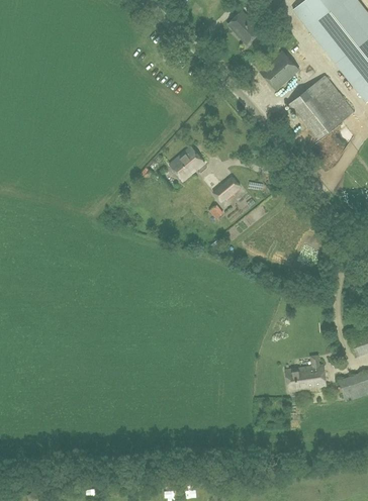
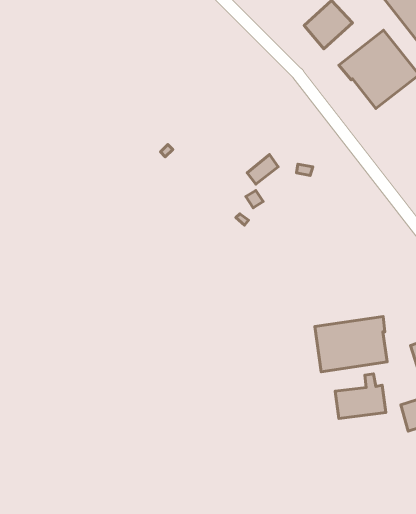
building: [170,146,203,179] -> none
building: none -> [315,316,387,372]

